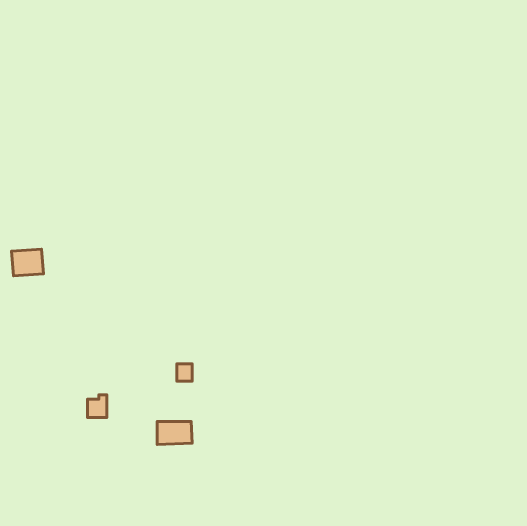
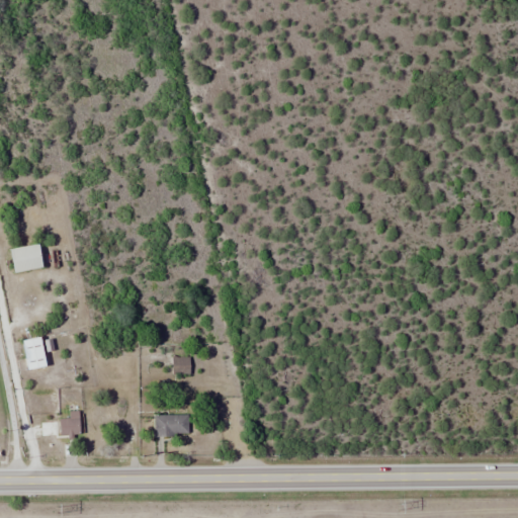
building: none -> [24,336,48,368]
building: [87,395,107,418] -> [61,414,80,436]

